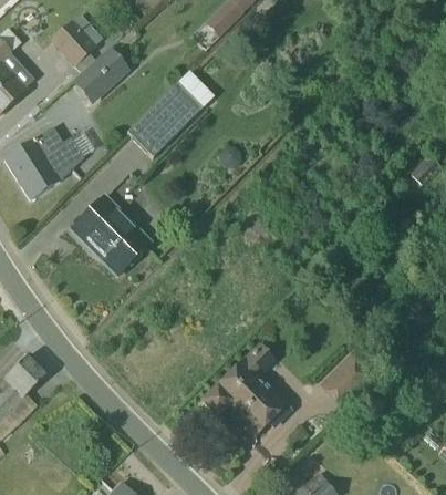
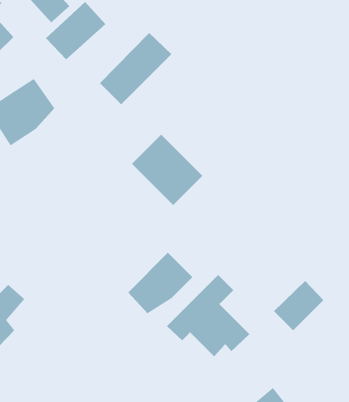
building: [71,194,151,274] -> [131,134,203,206]
building: none -> [127,252,193,314]

